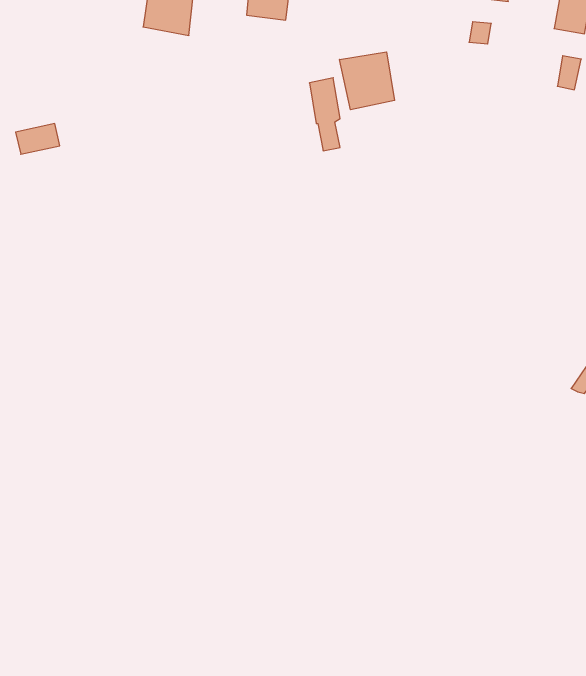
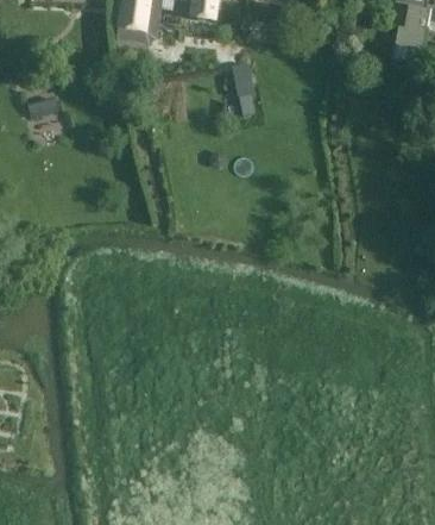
building: [340,52,395,110] -> none

